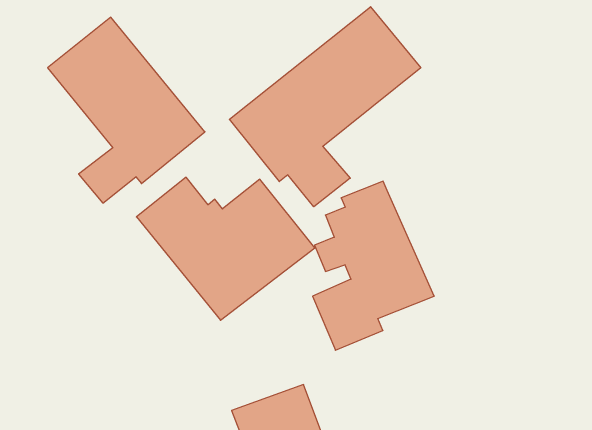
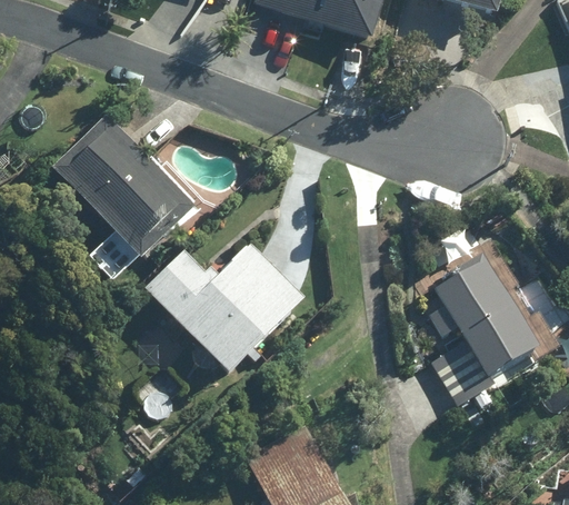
building: [229,7,421,207] -> none
building: [313,181,434,350] -> [428,248,539,403]

